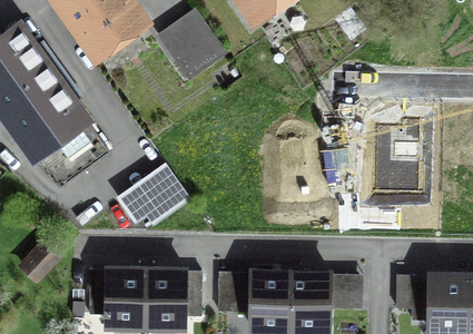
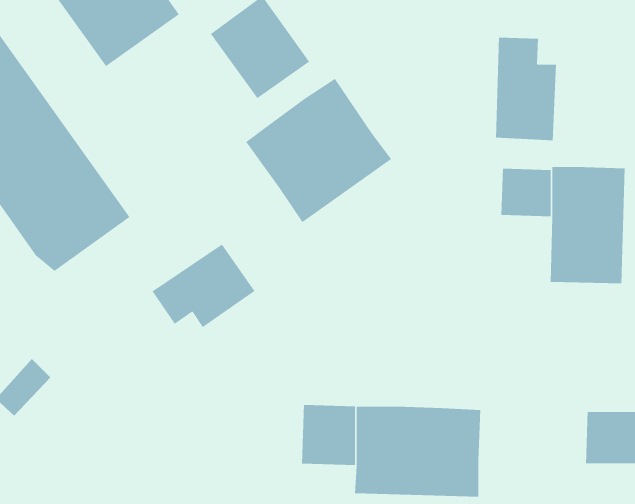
building: none -> [495,37,557,141]
building: none -> [245,78,392,223]
building: [90,268,201,325] -> none
building: [329,273,361,306] -> none

